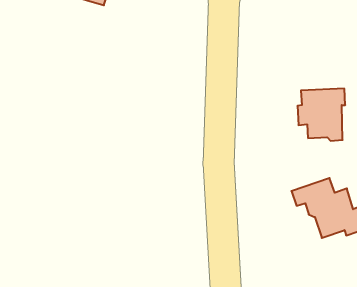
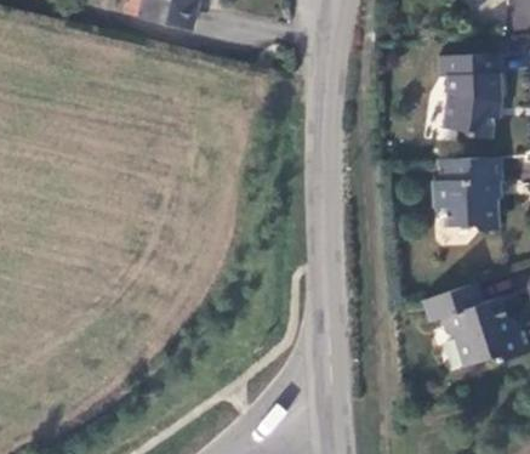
building: none -> [441,56,502,140]

